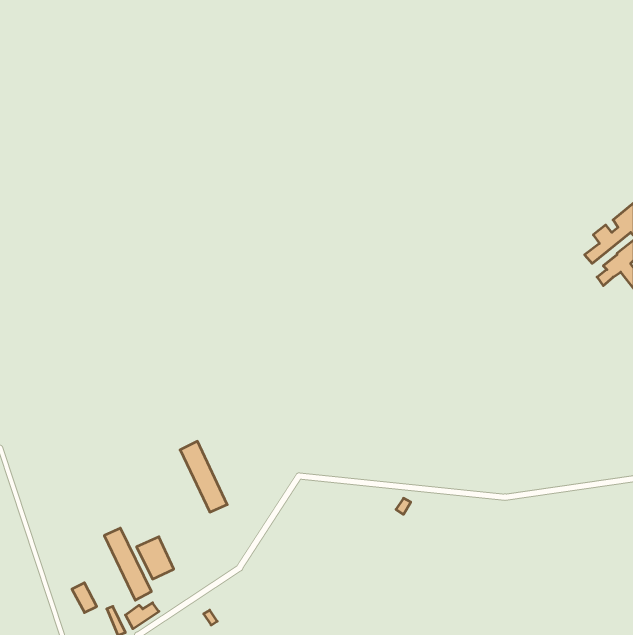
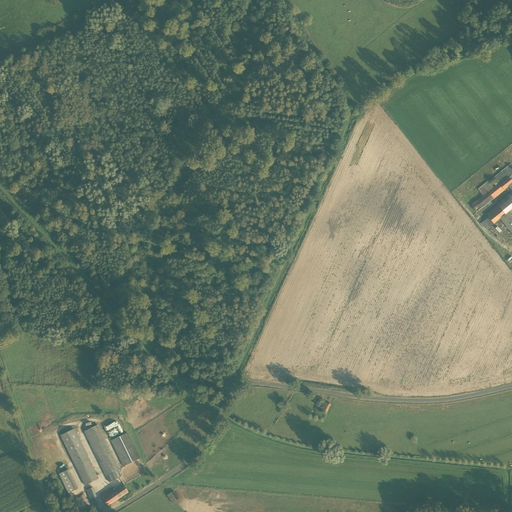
building: [180,441,227,512] -> [61,428,99,485]

